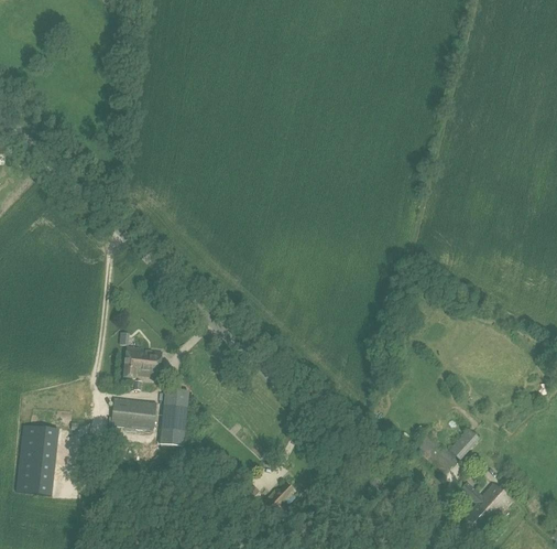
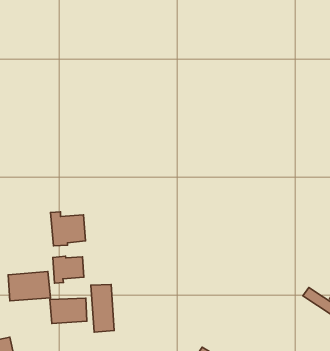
building: none -> [51,212,85,246]
building: none -> [8,272,51,301]

